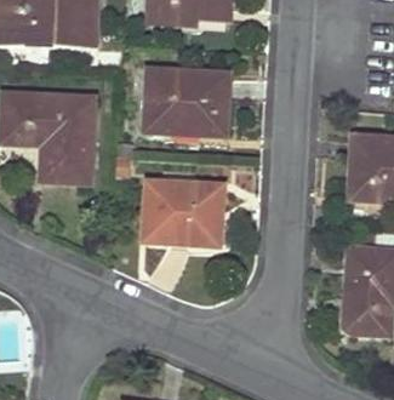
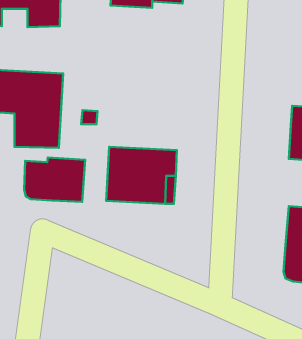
building: [144,68,229,135] -> none
building: none -> [24,157,85,202]

